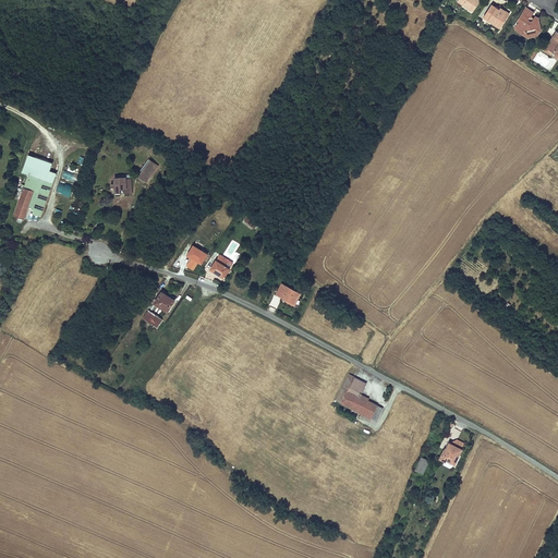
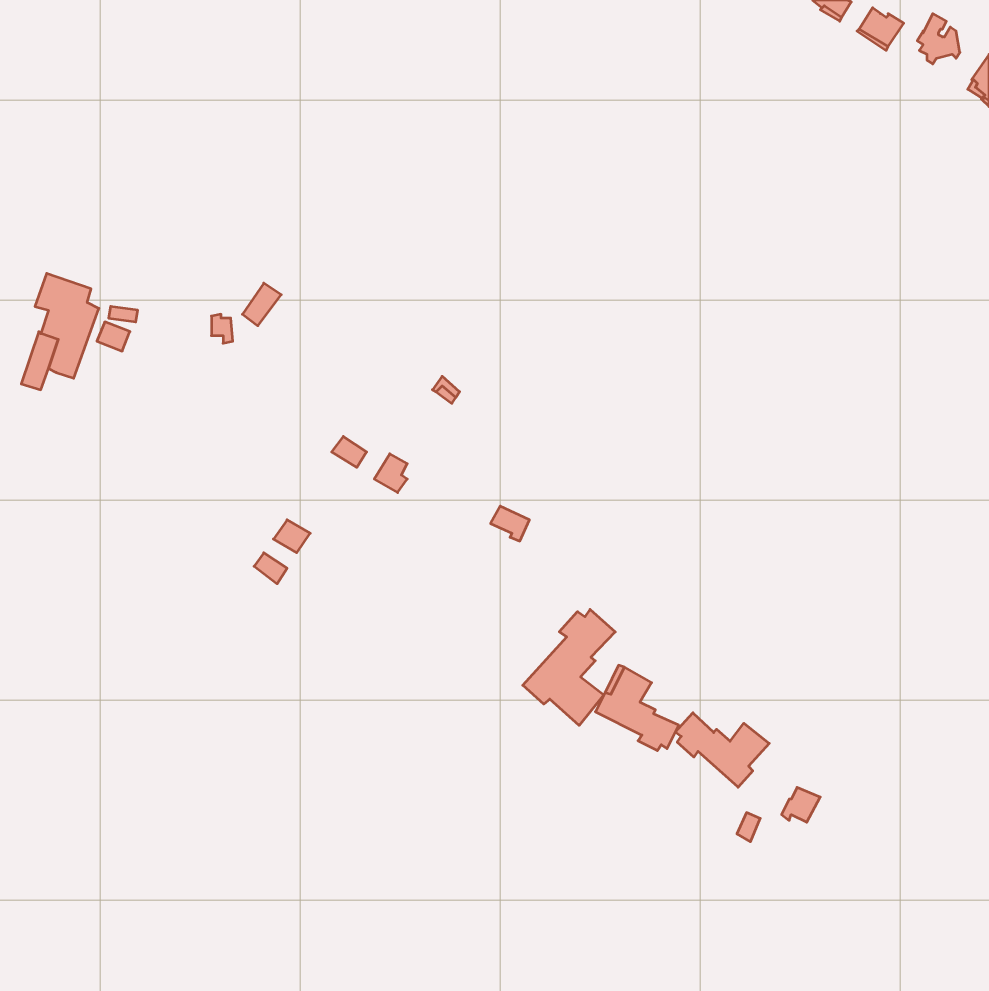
building: none -> [523,609,615,725]
building: none -> [675,713,769,787]

